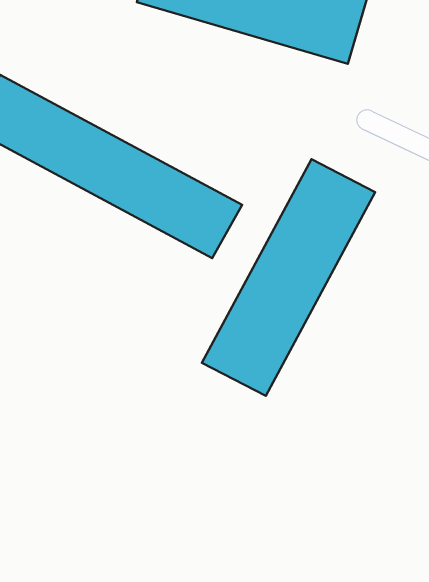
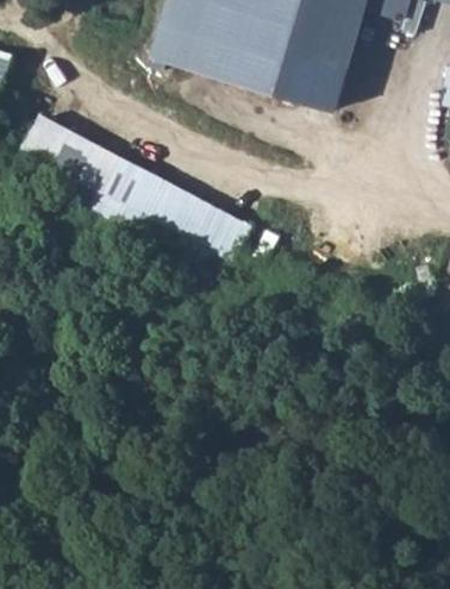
building: [202,159,375,396] -> none

